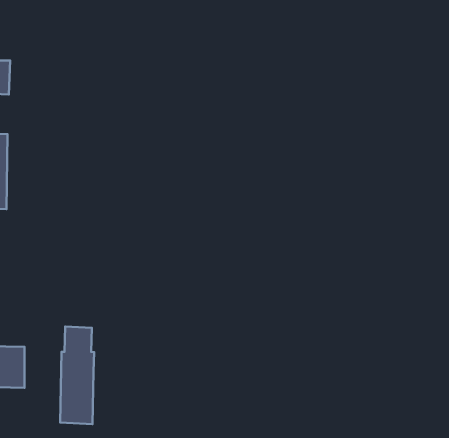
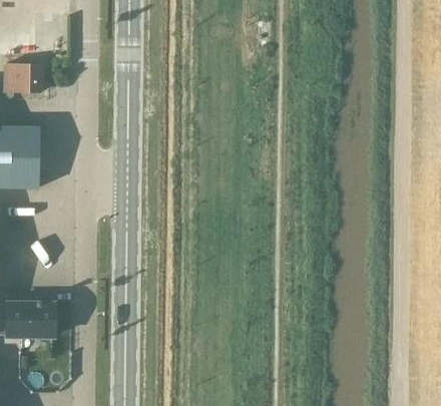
building: [60,326,94,424] -> none

